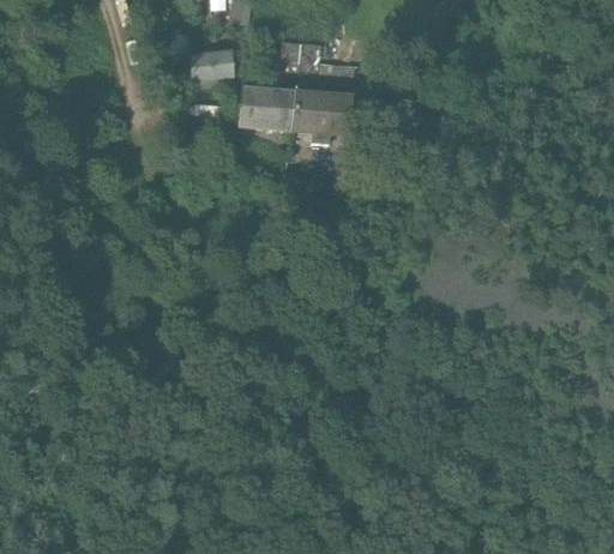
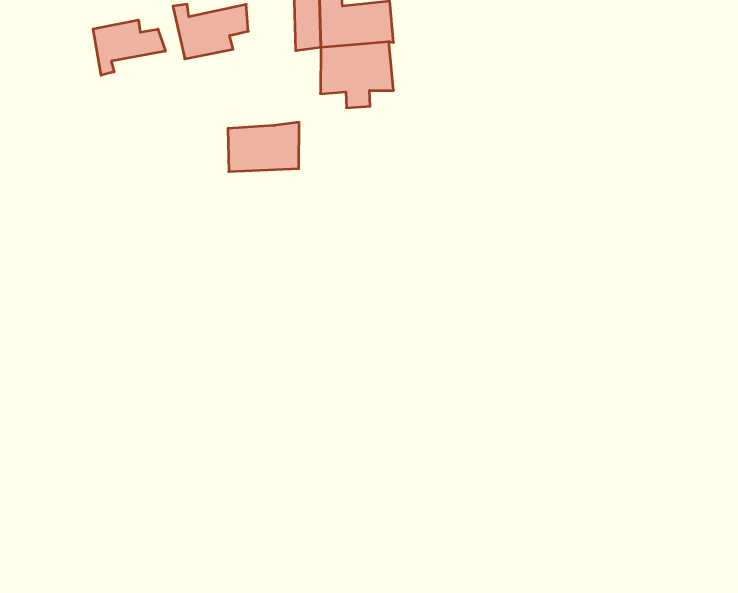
building: none -> [93,20,165,75]
building: [237,91,295,128] -> [228,122,299,172]

